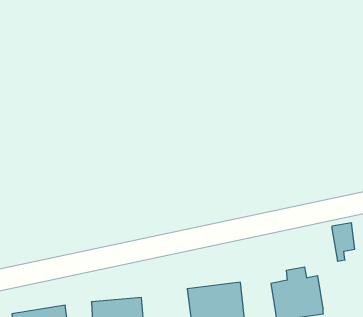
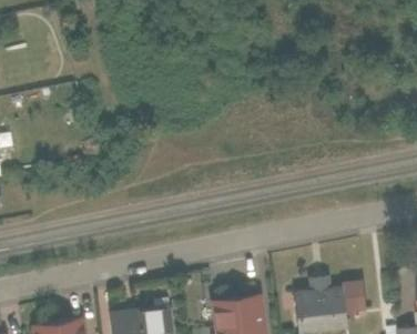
building: [332,223,355,261] -> [342,279,365,317]

